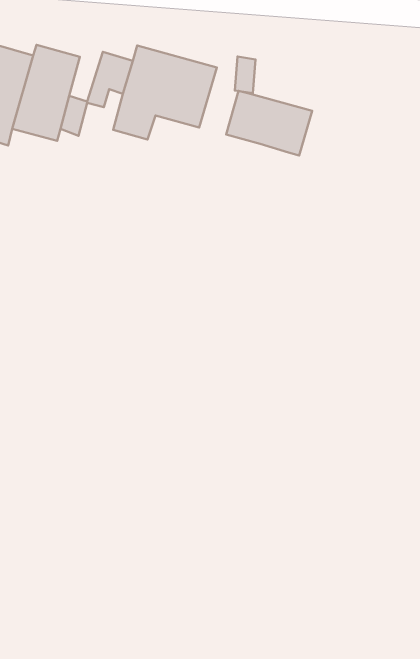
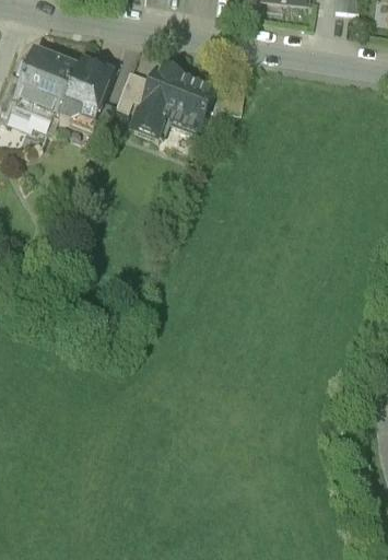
building: [226,91,312,155] -> none

